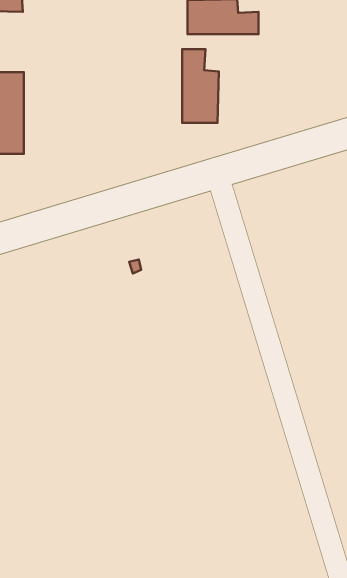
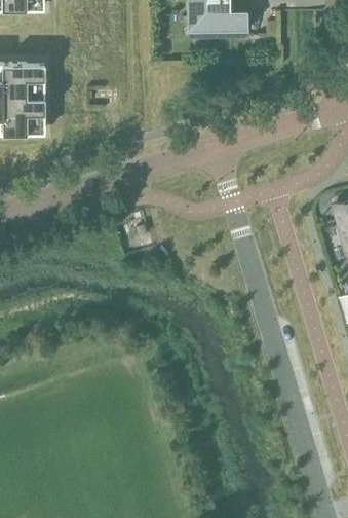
building: [182,49,219,123] -> none

